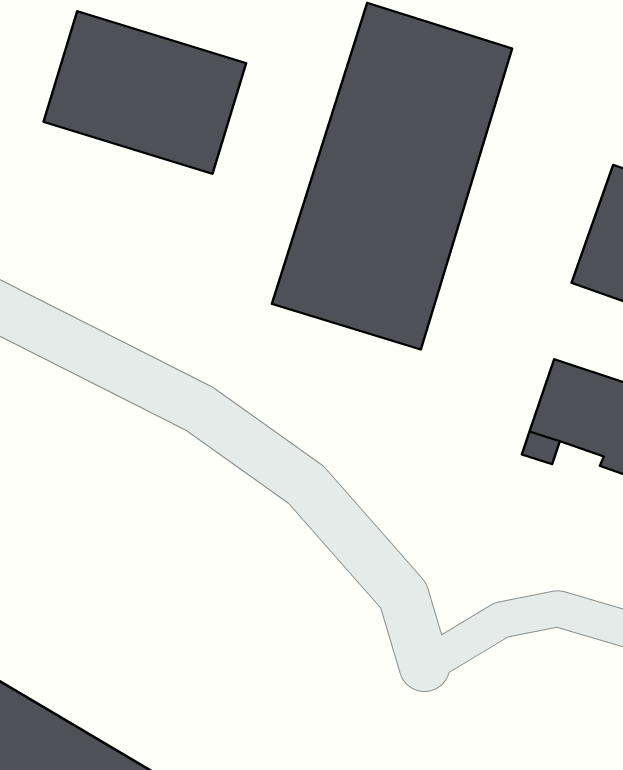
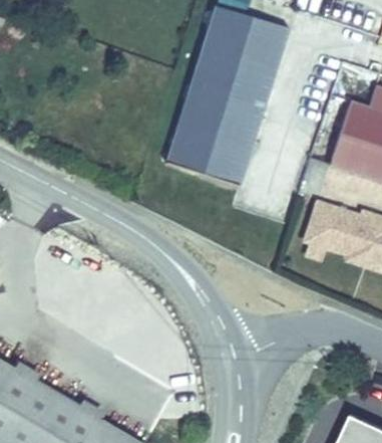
building: [43,11,246,174] -> none

